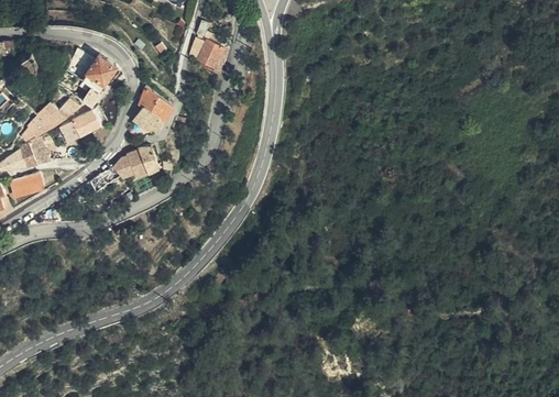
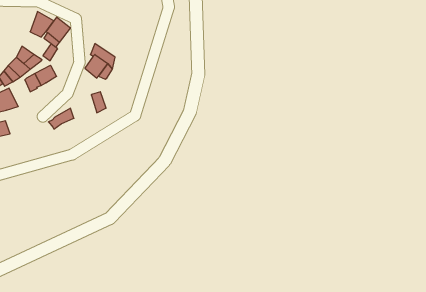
building: [193,38,222,70] -> none
building: [114,148,146,176] -> none

